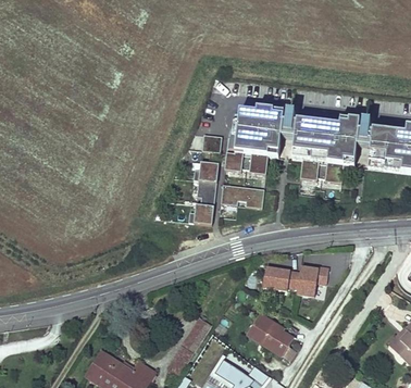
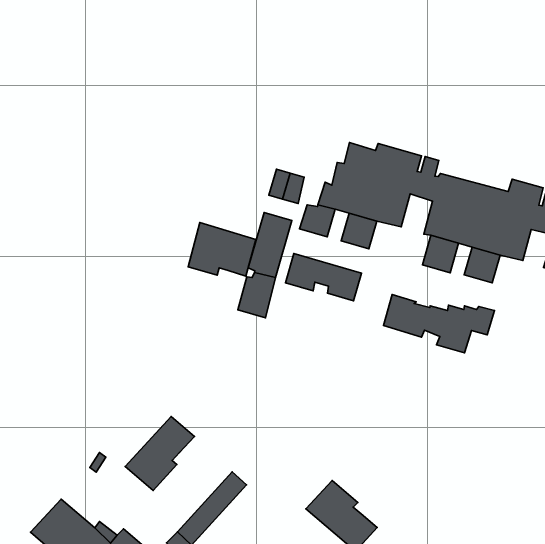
building: none -> [188,223,256,276]
building: [264,265,329,295] -> [384,294,495,353]
building: none -> [125,417,194,490]

